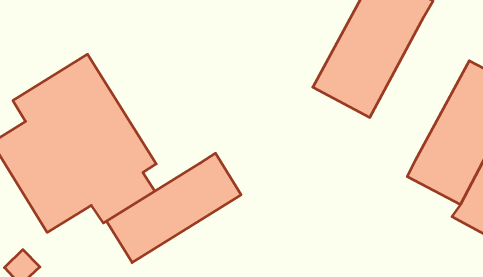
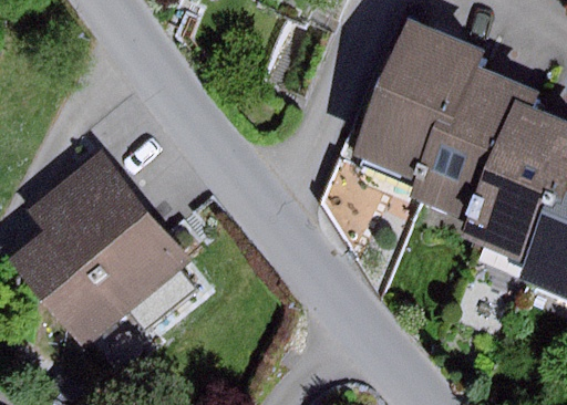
building: none -> [414,62,527,220]
building: [107,153,241,263] -> none

